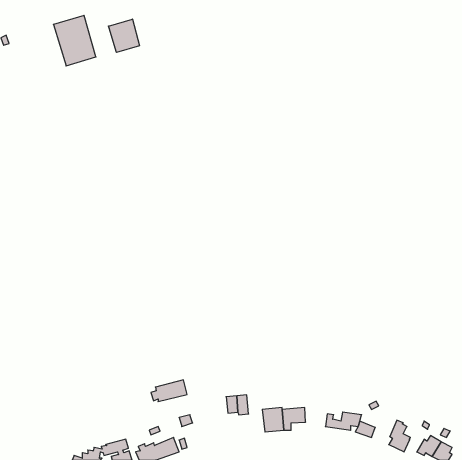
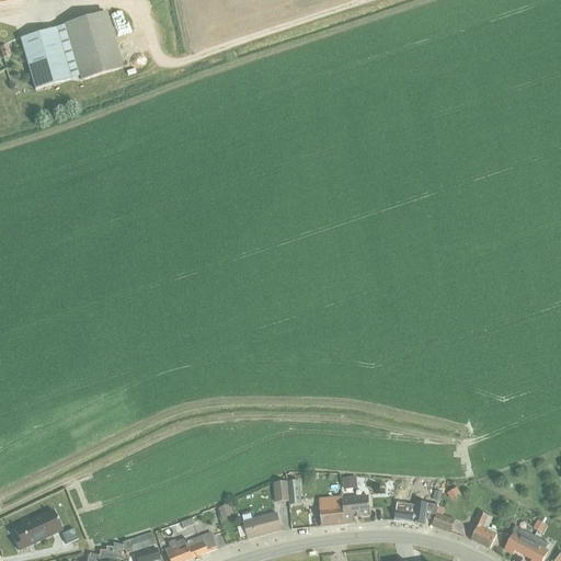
building: [108,19,140,52] -> none
building: none -> [19,27,69,89]
building: [151,380,187,402] -> [238,511,282,537]
building: none -> [12,510,62,550]

